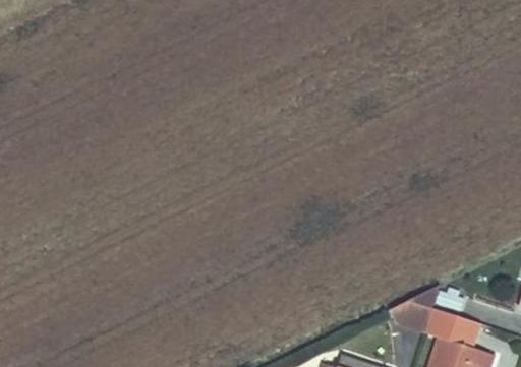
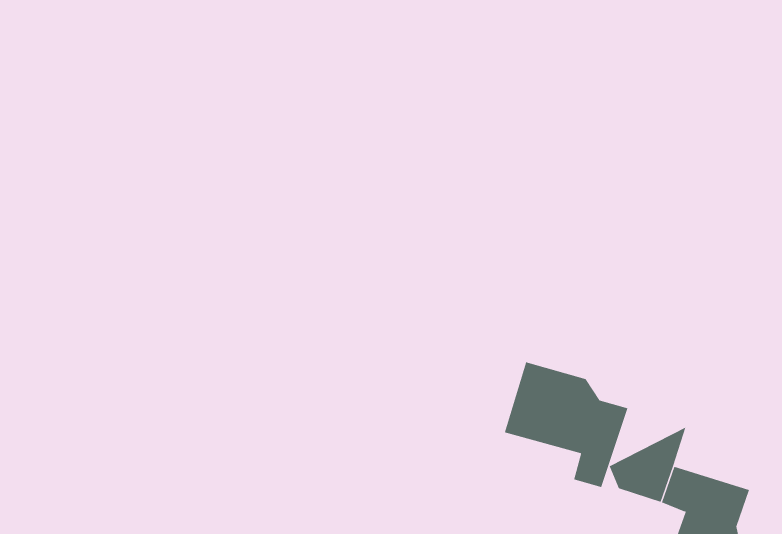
building: none -> [504,361,628,488]

